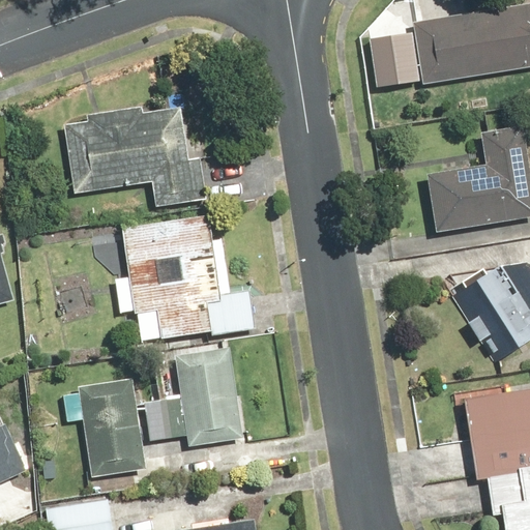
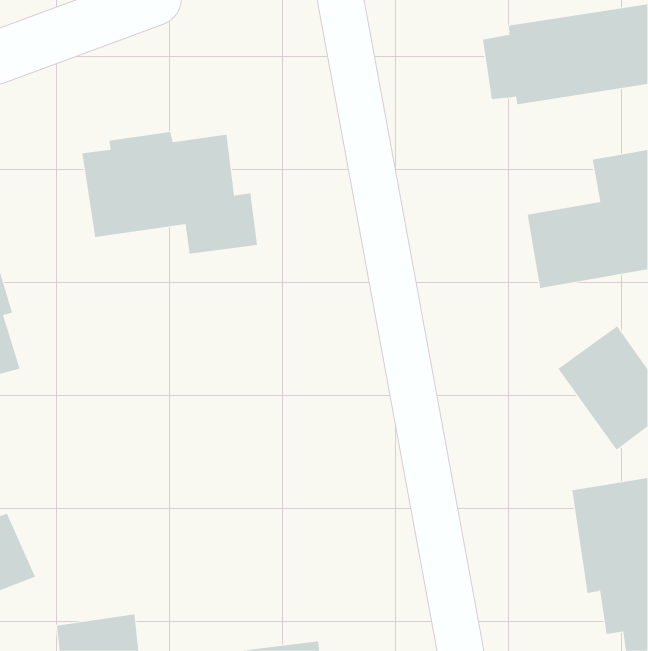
building: [114,208,257,343] -> none
building: [144,348,243,445] -> none
building: [63,381,147,475] -> none

